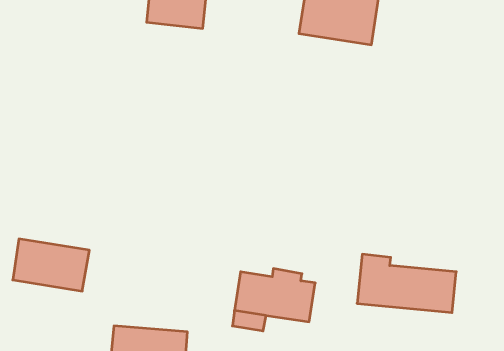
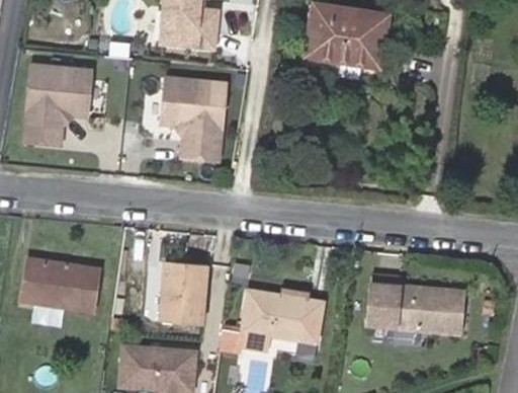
building: none -> [27,63,96,143]
building: none -> [158,75,224,157]
building: none -> [161,261,208,324]

